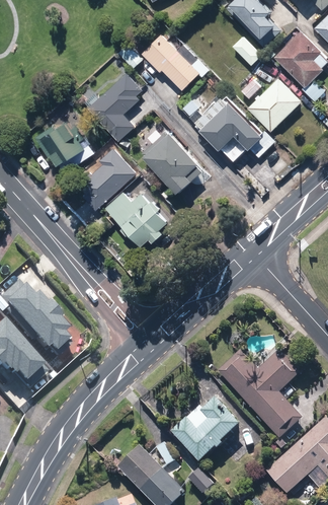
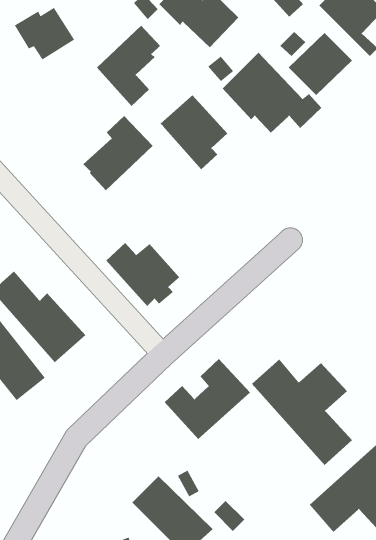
building: [35,122,86,166] -> [14,7,75,61]
building: [107,192,169,245] -> [106,242,180,307]
building: [172,394,244,462] -> [164,358,251,440]

